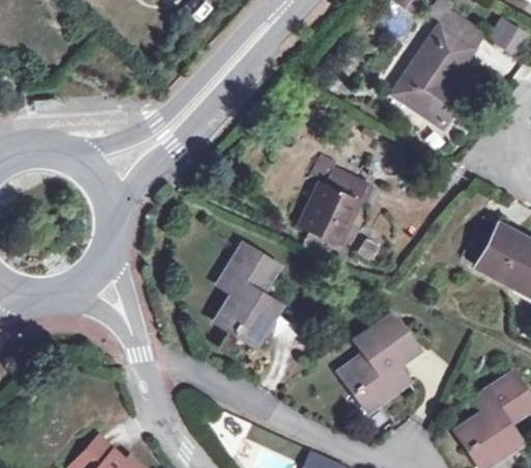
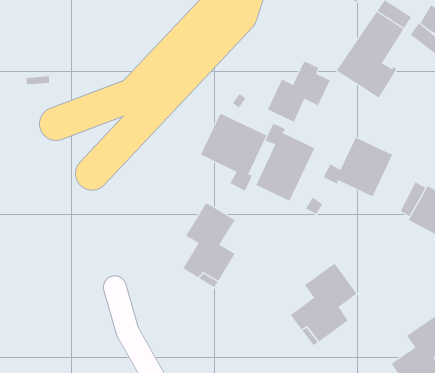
building: none -> [267,61,330,123]
building: none -> [200,113,267,191]
building: none -> [323,137,393,197]

